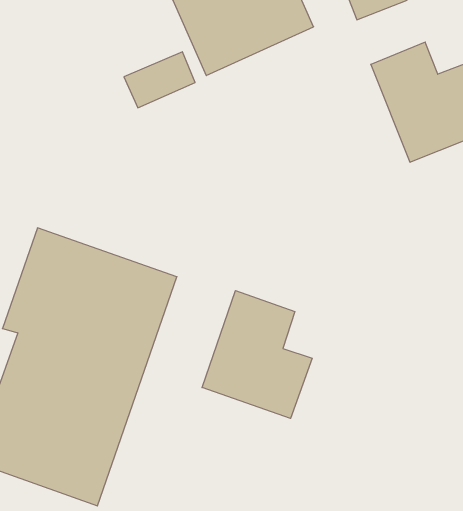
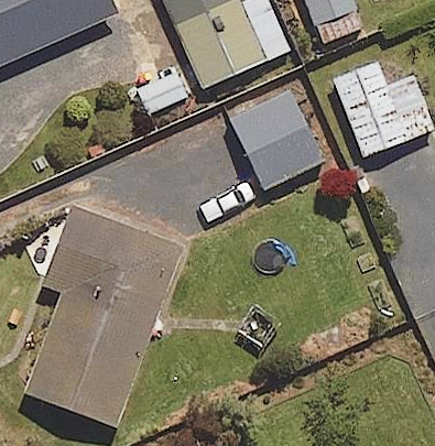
building: none -> [230,88,326,189]
building: [202,291,312,418] -> none

